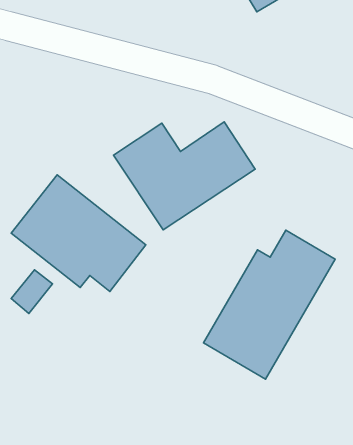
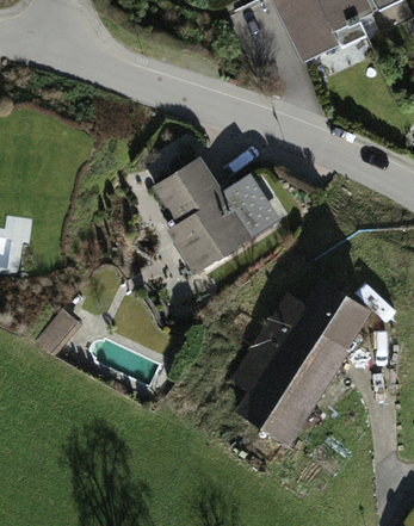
building: [11,175,146,292] -> none

